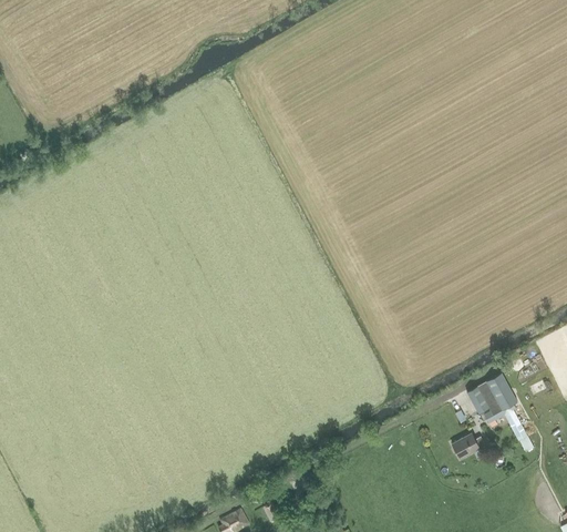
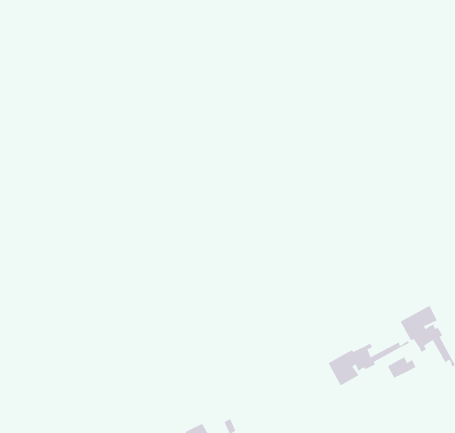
building: none -> [328,340,410,386]

